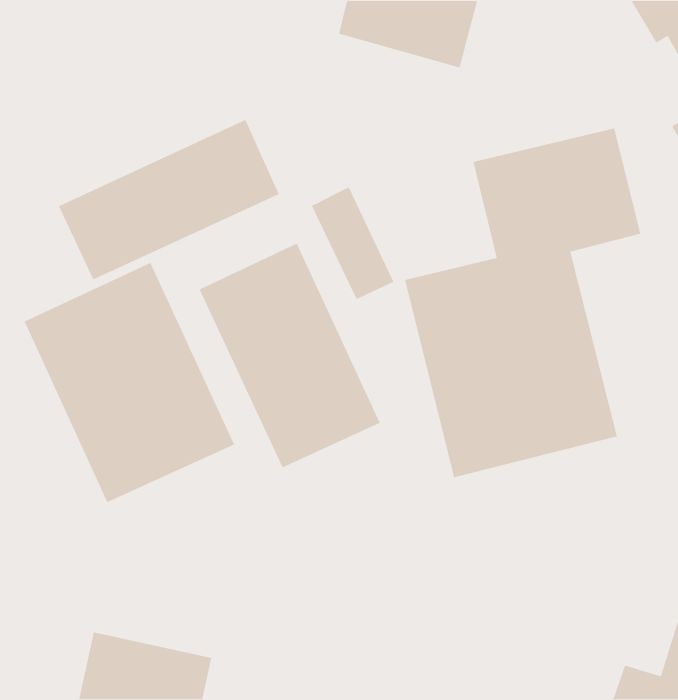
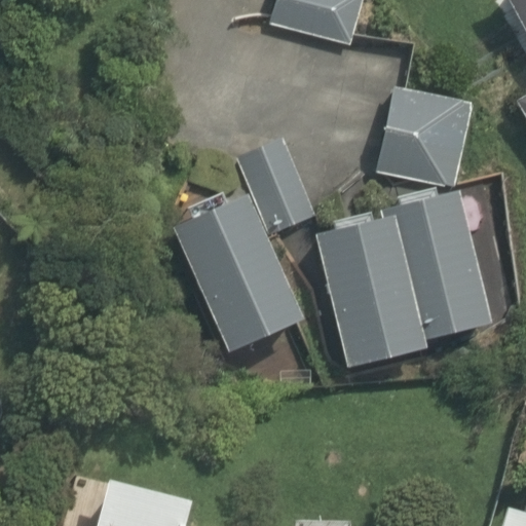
building: [58,119,280,281] -> none
building: [23,262,235,503] -> none

